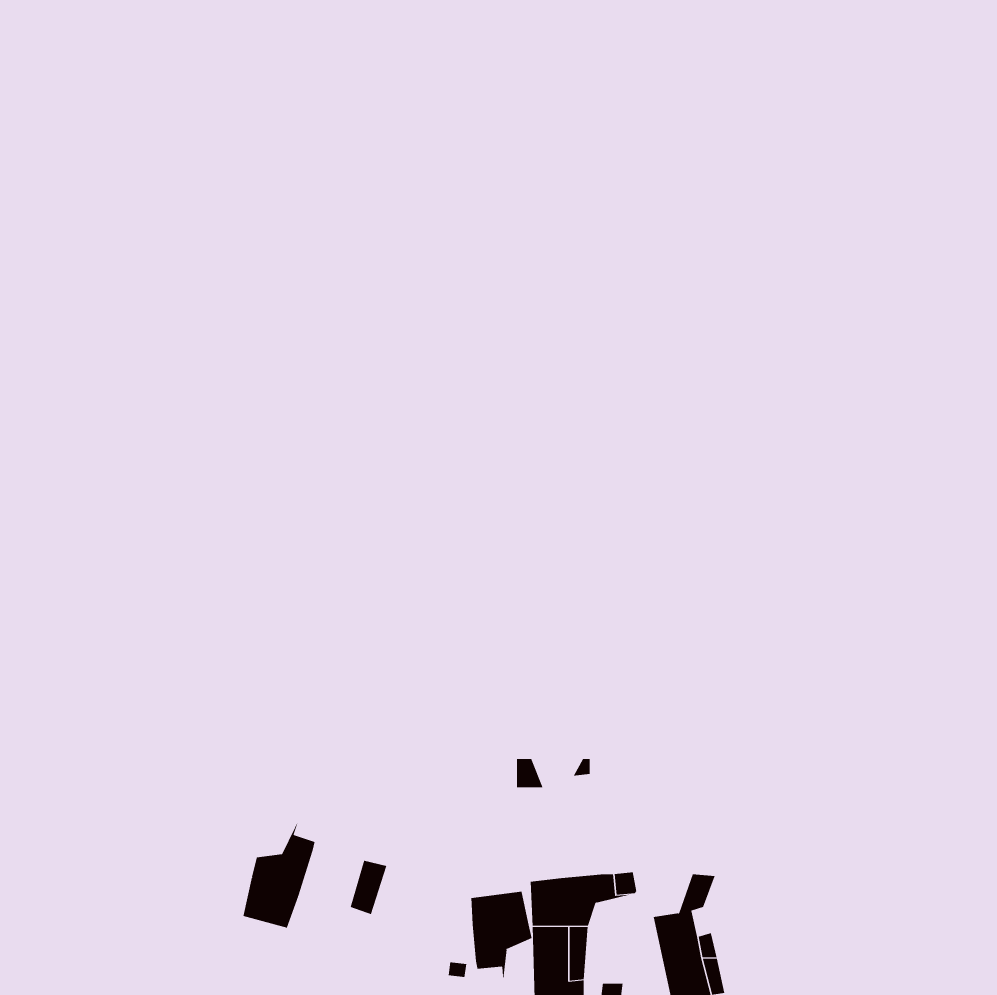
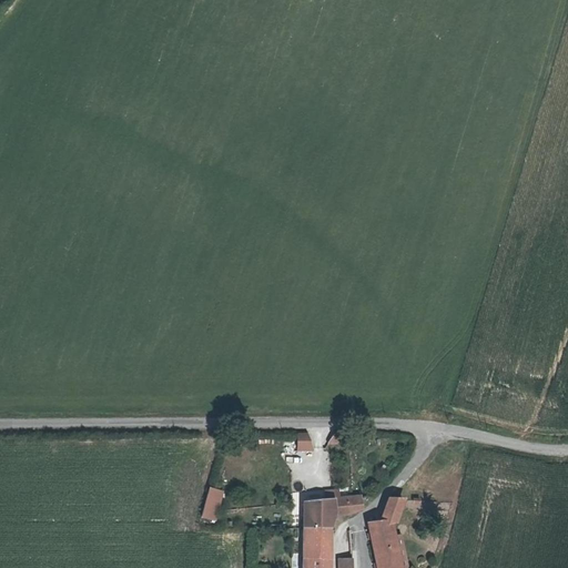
building: [243,814,315,928] -> none
building: [471,891,532,984] -> none

